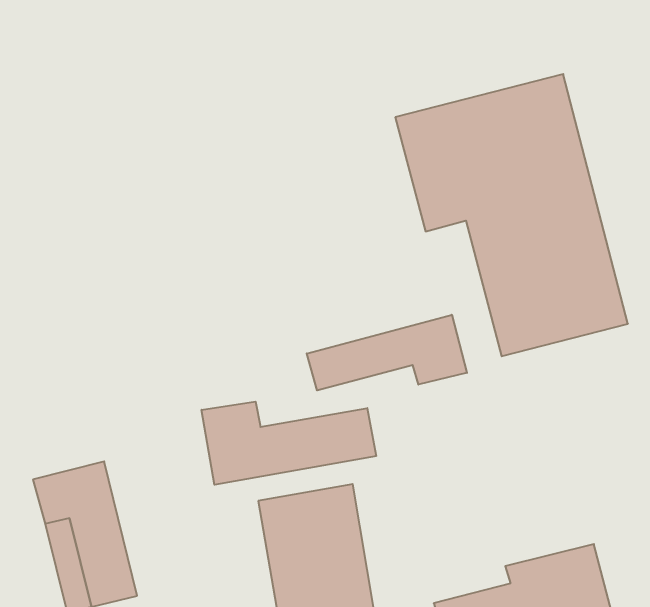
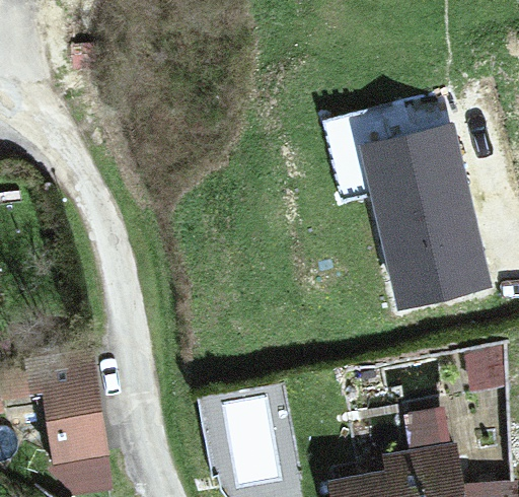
building: [307,315,467,390] -> none
building: [202,402,376,485] -> none

